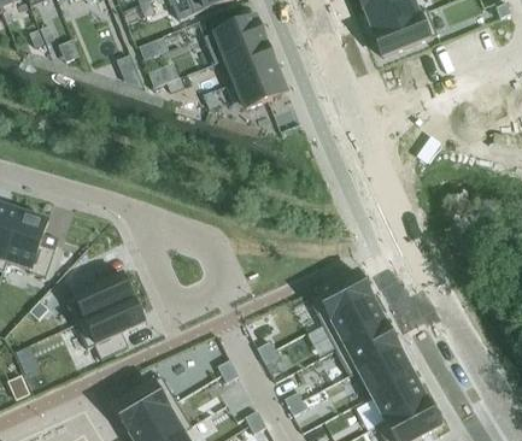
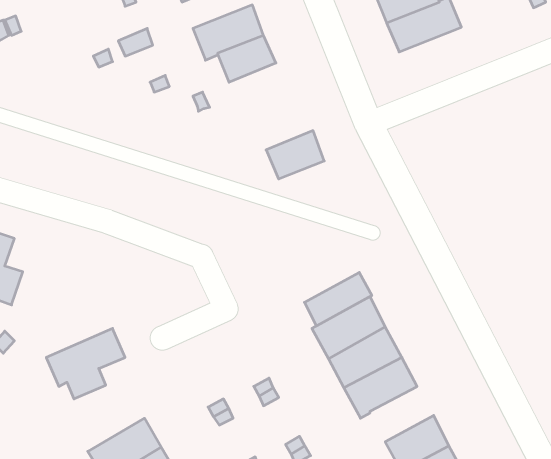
building: [235,66,286,108] -> [266,131,324,179]
building: none -> [304,272,372,326]
building: [65,269,134,323] -> none
building: [358,348,414,396] -> none

